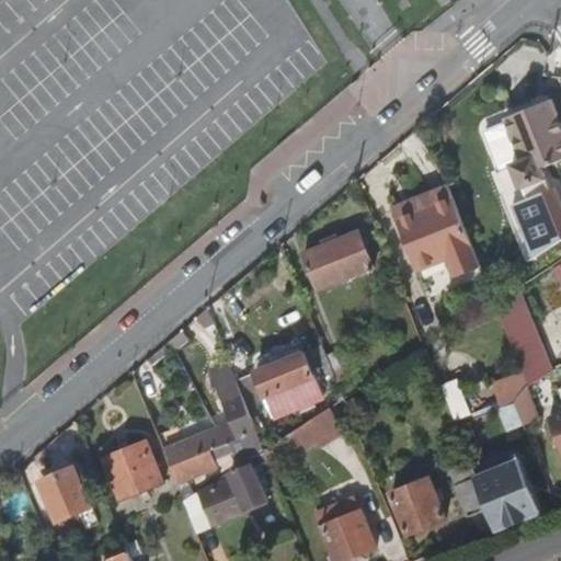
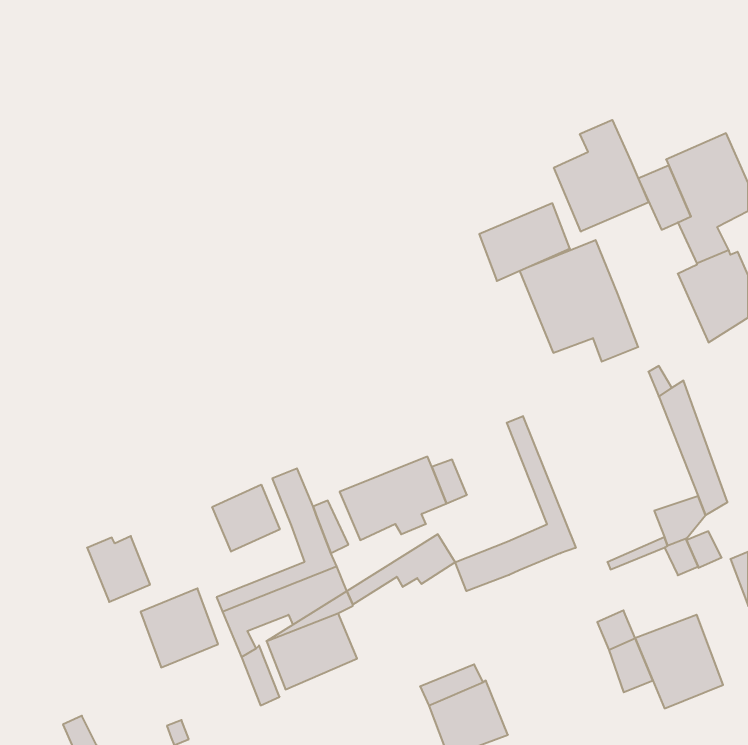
building: none -> [554,120,648,232]
building: [305,232,373,290] -> [479,203,570,281]
building: none -> [455,416,576,591]
building: none -> [212,485,280,552]
building: [43,474,90,524] -> [87,536,150,602]
building: [392,482,445,538] -> none

